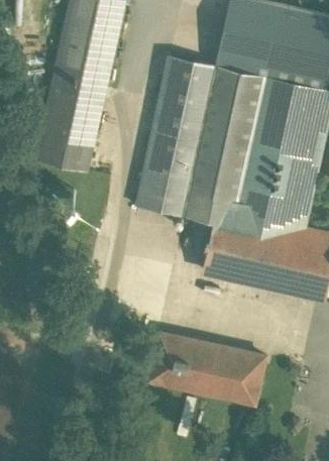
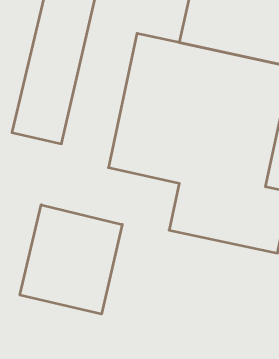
building: none -> [20,205,122,314]
building: [147,331,266,408] -> none

